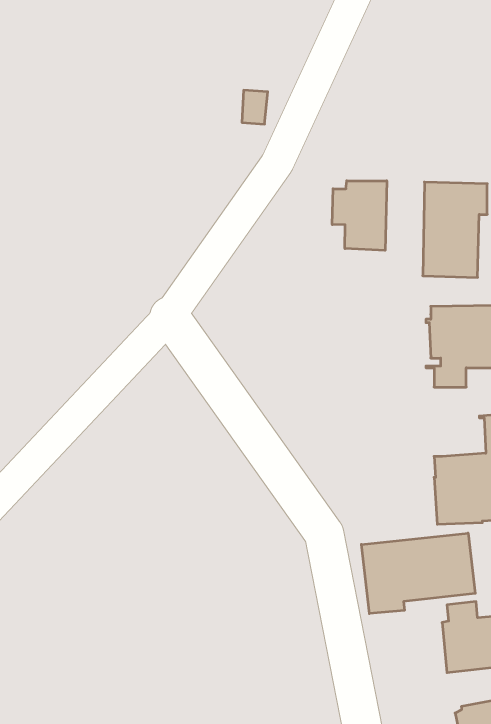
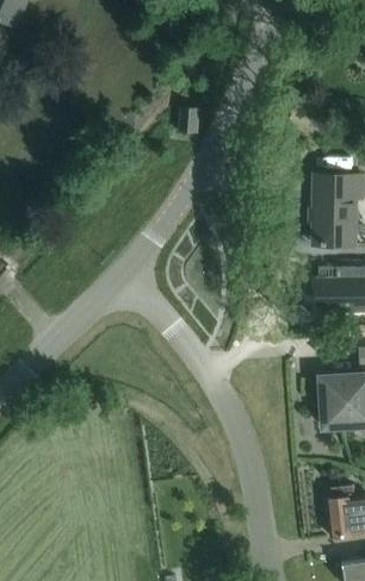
building: [332,181,387,250] -> none
building: [361,533,475,614] -> none

